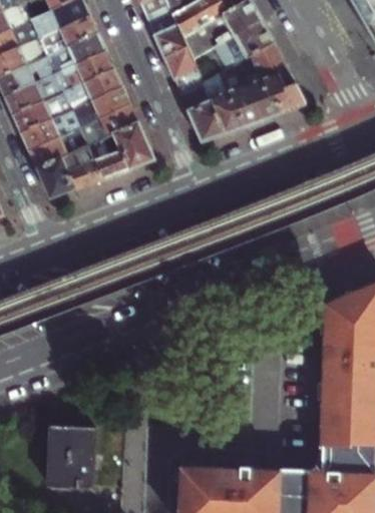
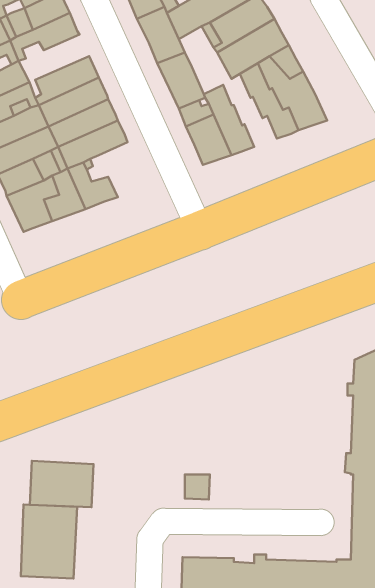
building: [45,32,104,72] -> none
building: [217,65,262,126] -> none
building: [112,122,153,168] -> none
building: none -> [30,461,94,507]

